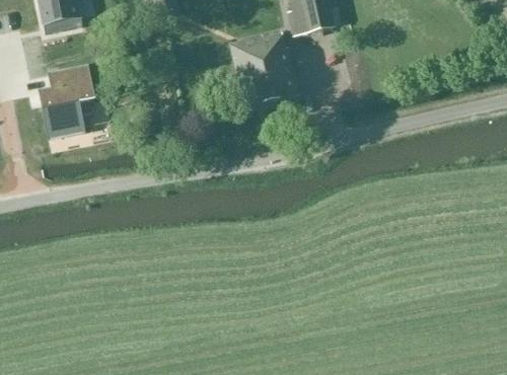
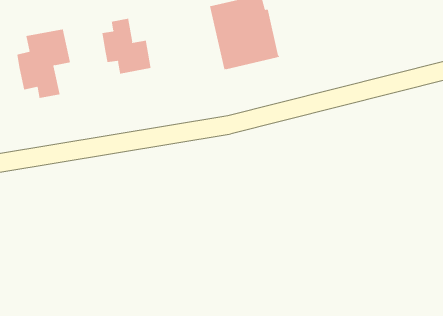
building: none -> [102,18,151,74]

